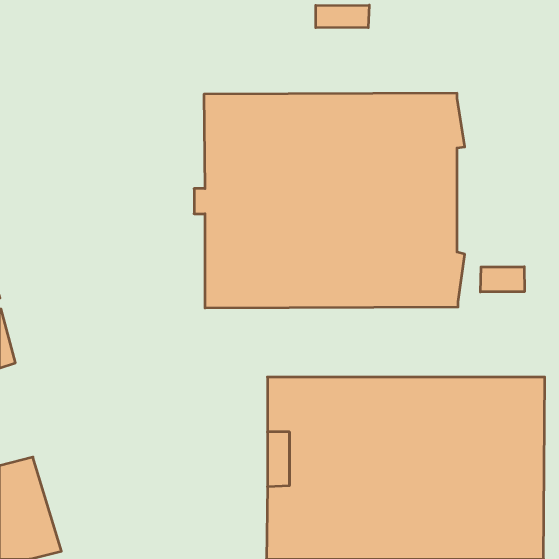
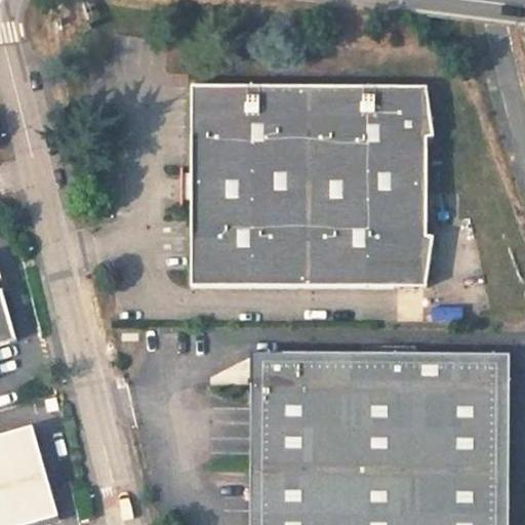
building: [316,5,369,28] -> none
building: [480,267,524,292] -> none

